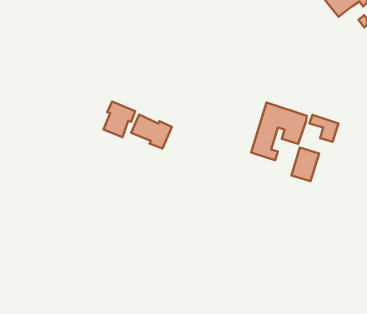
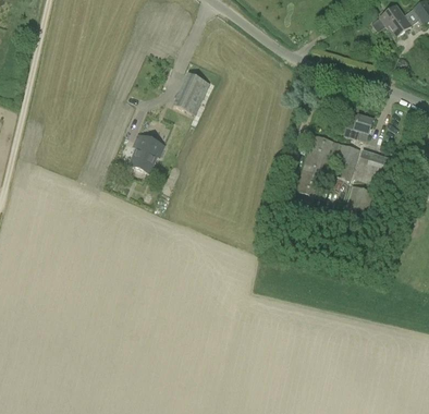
building: none -> [176,71,210,113]
building: none -> [344,113,372,141]
building: [131,115,172,149] -> none

